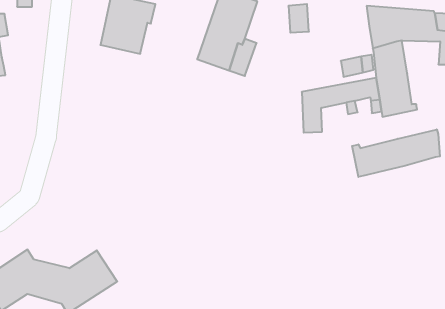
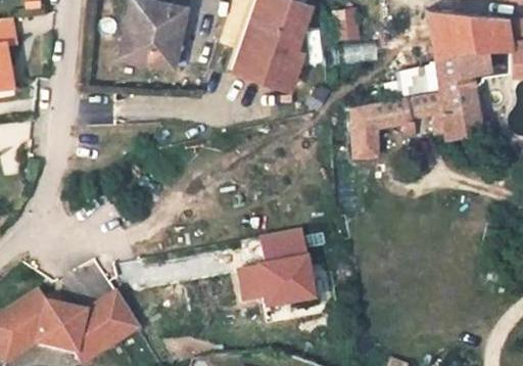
building: none -> [469,49,513,87]
building: [352,129,440,177] -> none
building: none -> [242,228,319,307]

